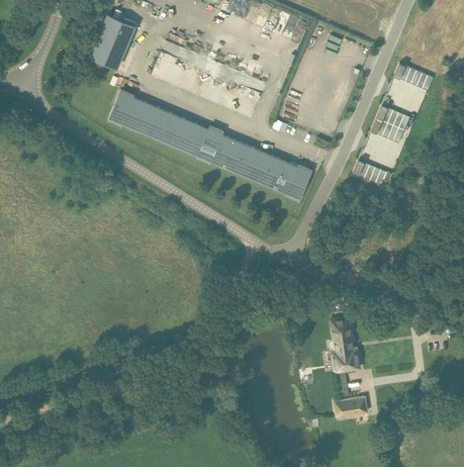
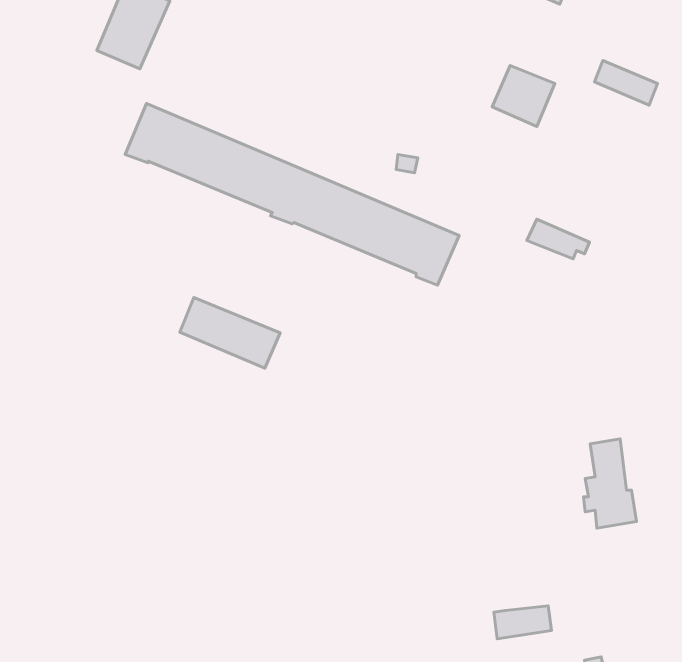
building: [371,105,409,143] -> [492,65,555,127]
building: none -> [180,298,280,368]
building: [327,316,359,371] -> [584,439,637,528]

